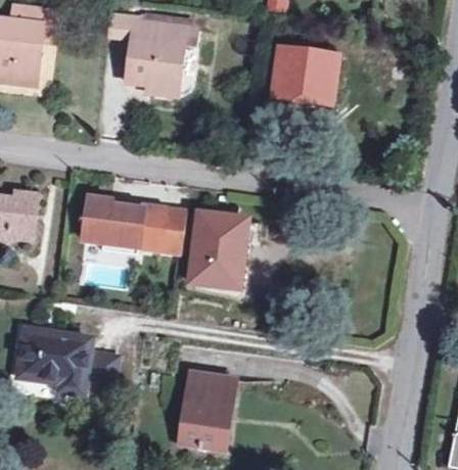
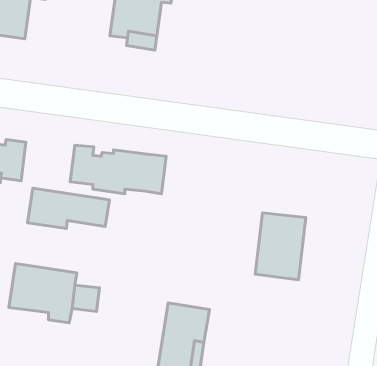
building: [273,48,337,109] -> none
building: [191,215,246,287] -> [255,213,306,280]
building: none -> [27,188,110,228]

